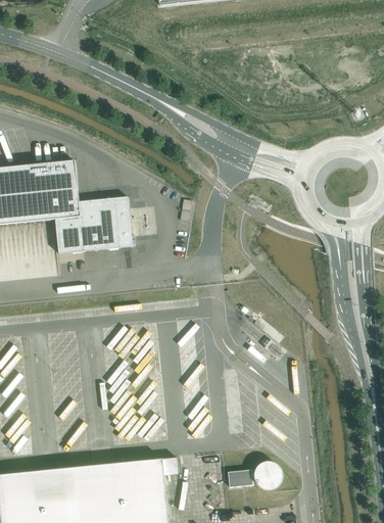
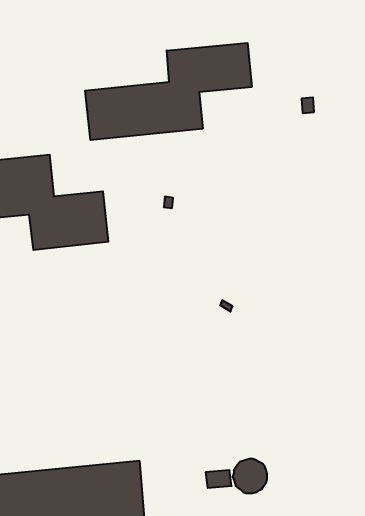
building: none -> [85,43,252,140]

